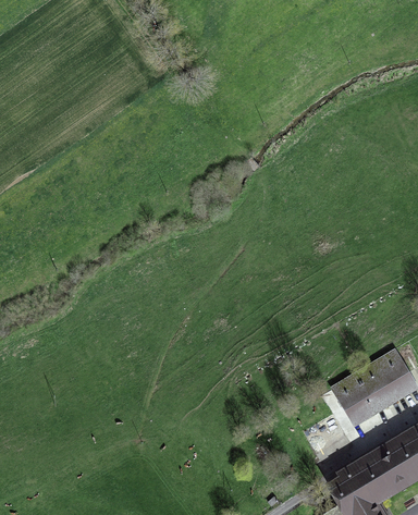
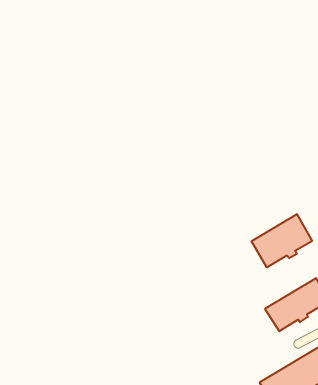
building: none -> [251,214,312,267]

